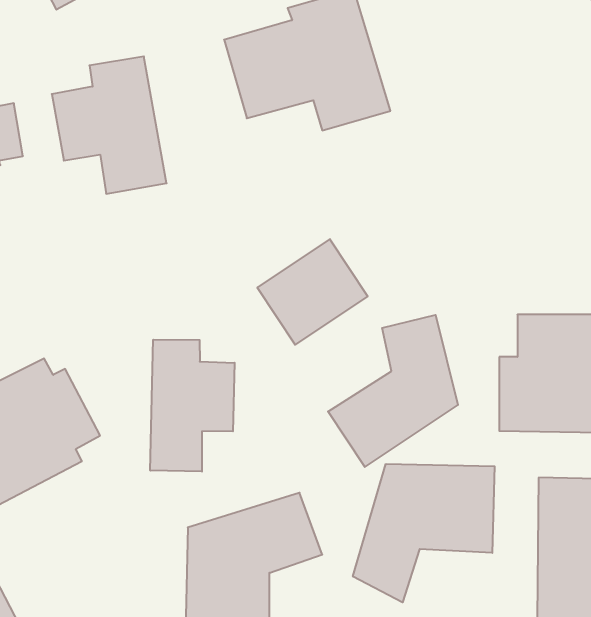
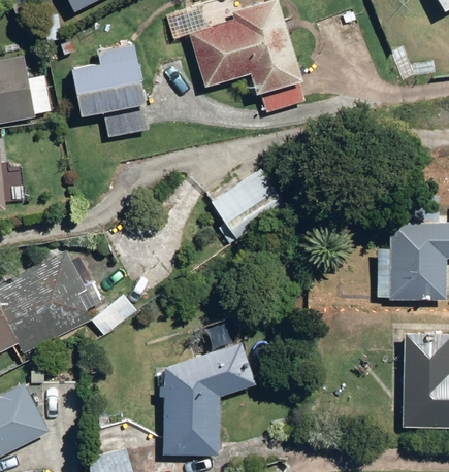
building: [328,315,458,467] -> none
building: [150,340,235,472] -> none
building: [353,464,495,602] -> none

